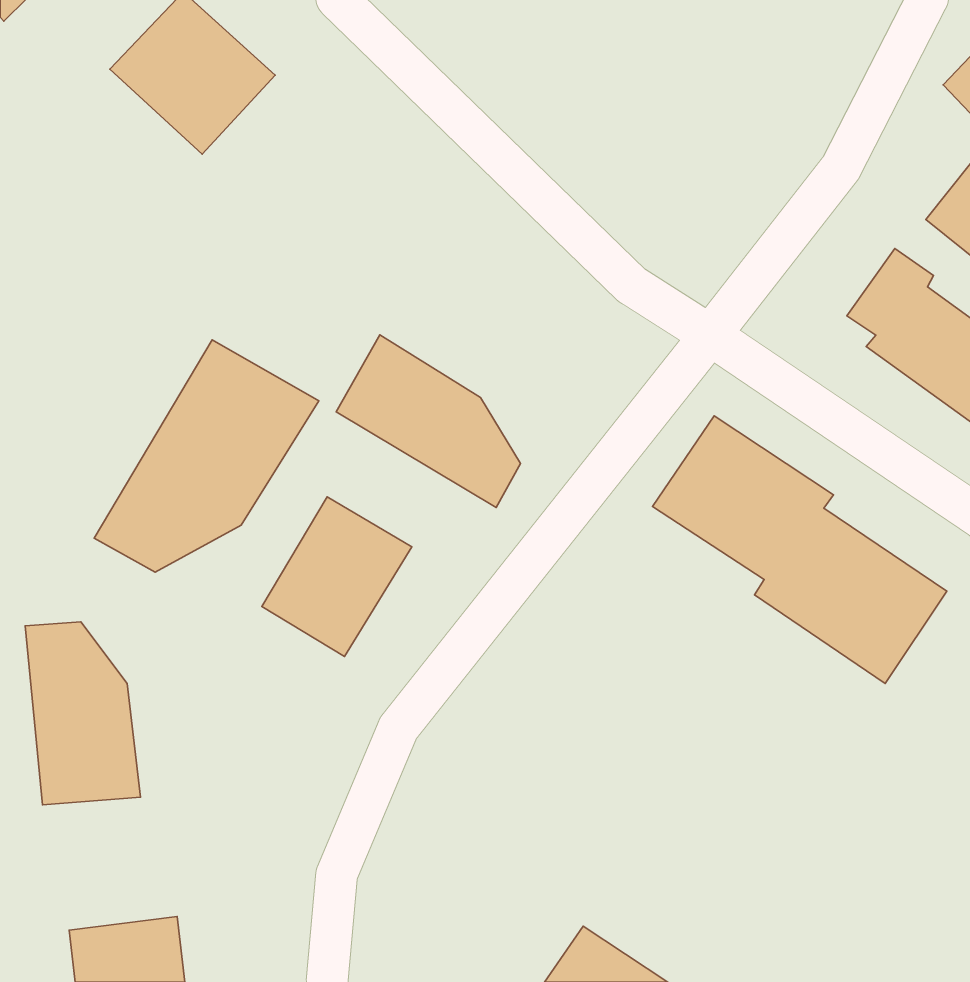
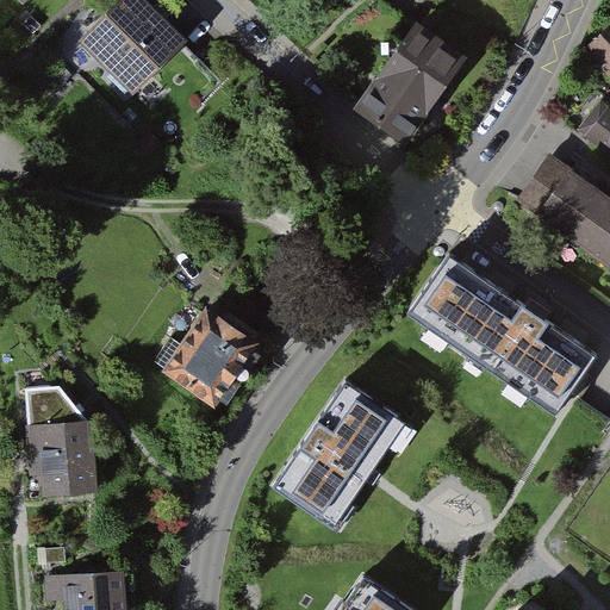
building: none -> [353,26,459,136]
building: [336,335,521,507] -> none
building: [94,340,319,572] -> none
building: none -> [280,380,416,529]

